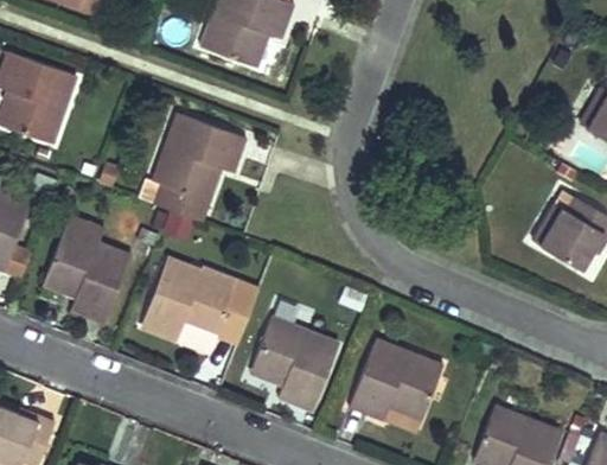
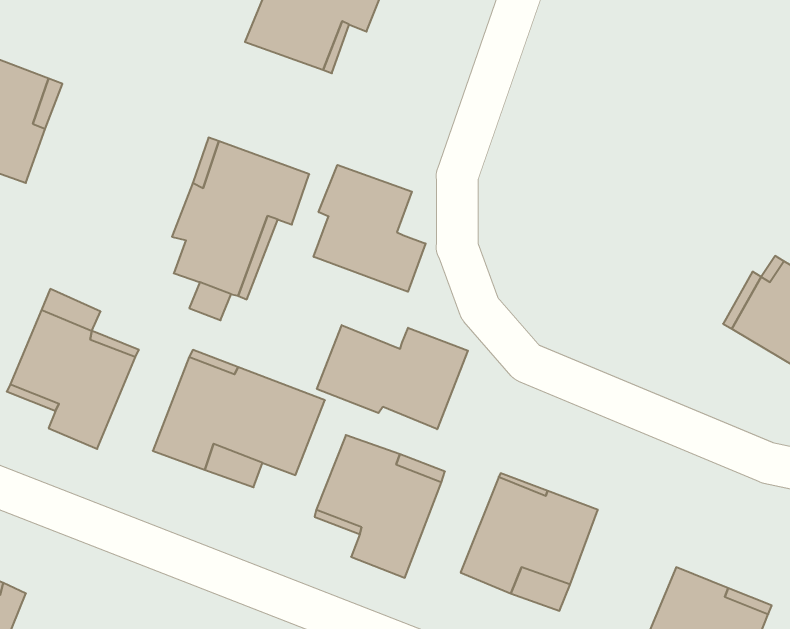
building: none -> [314,165,426,292]
building: none -> [317,325,468,429]

